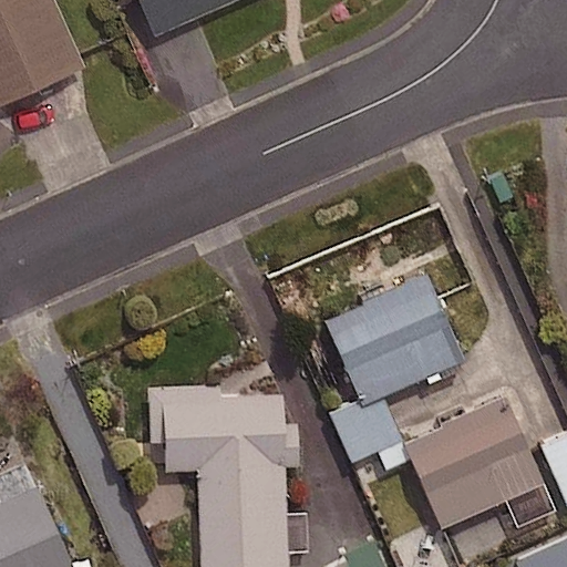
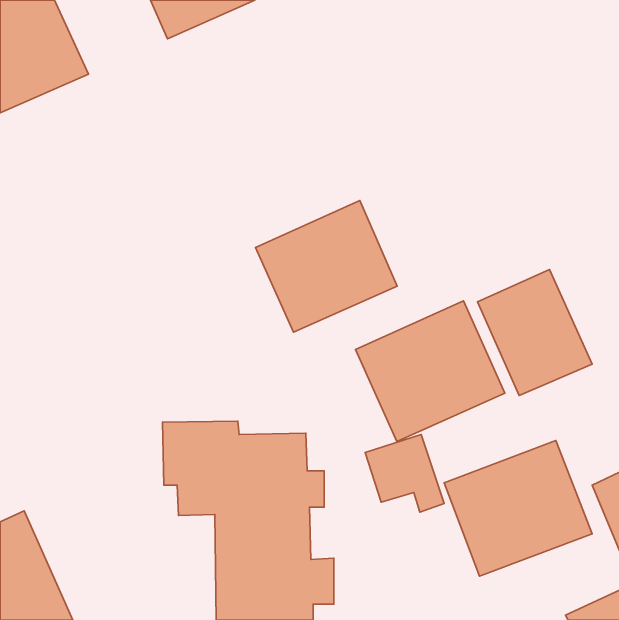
building: none -> [256,201,397,332]
building: none -> [478,269,592,396]

